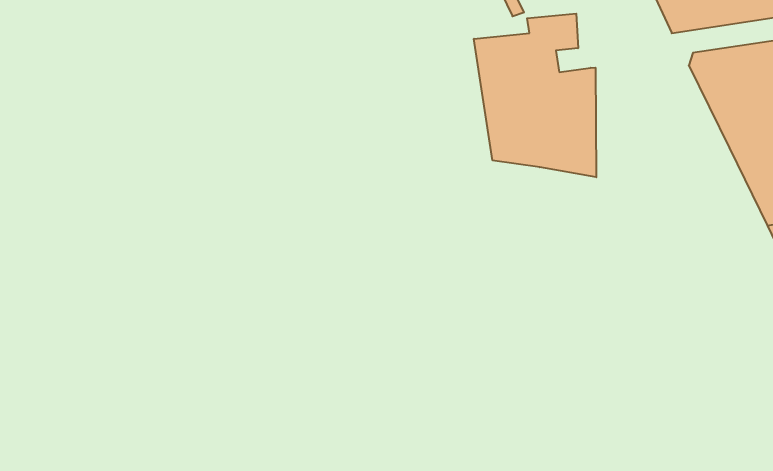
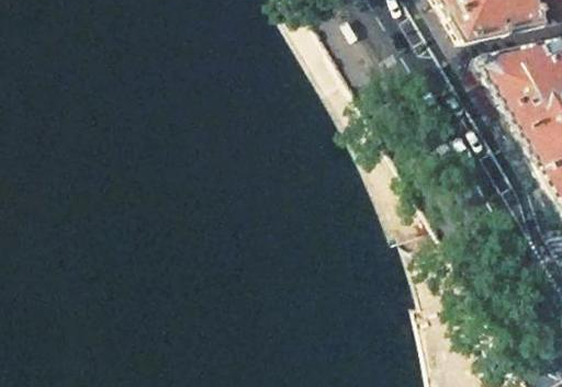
building: [474,14,596,177] -> none

